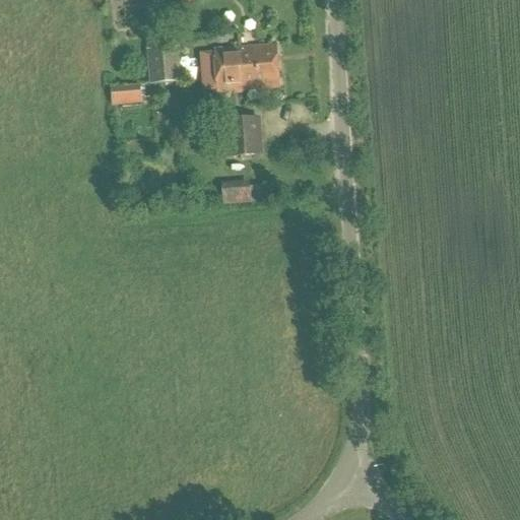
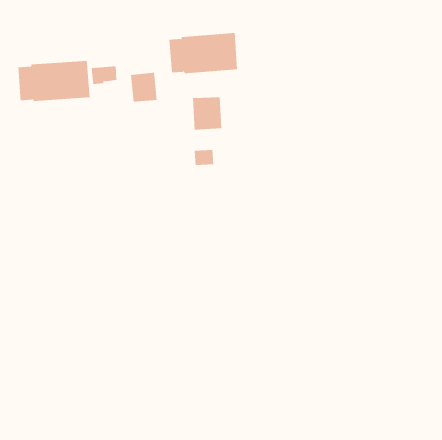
building: [148,47,180,81] -> [130,72,157,102]
building: none -> [18,60,90,102]

